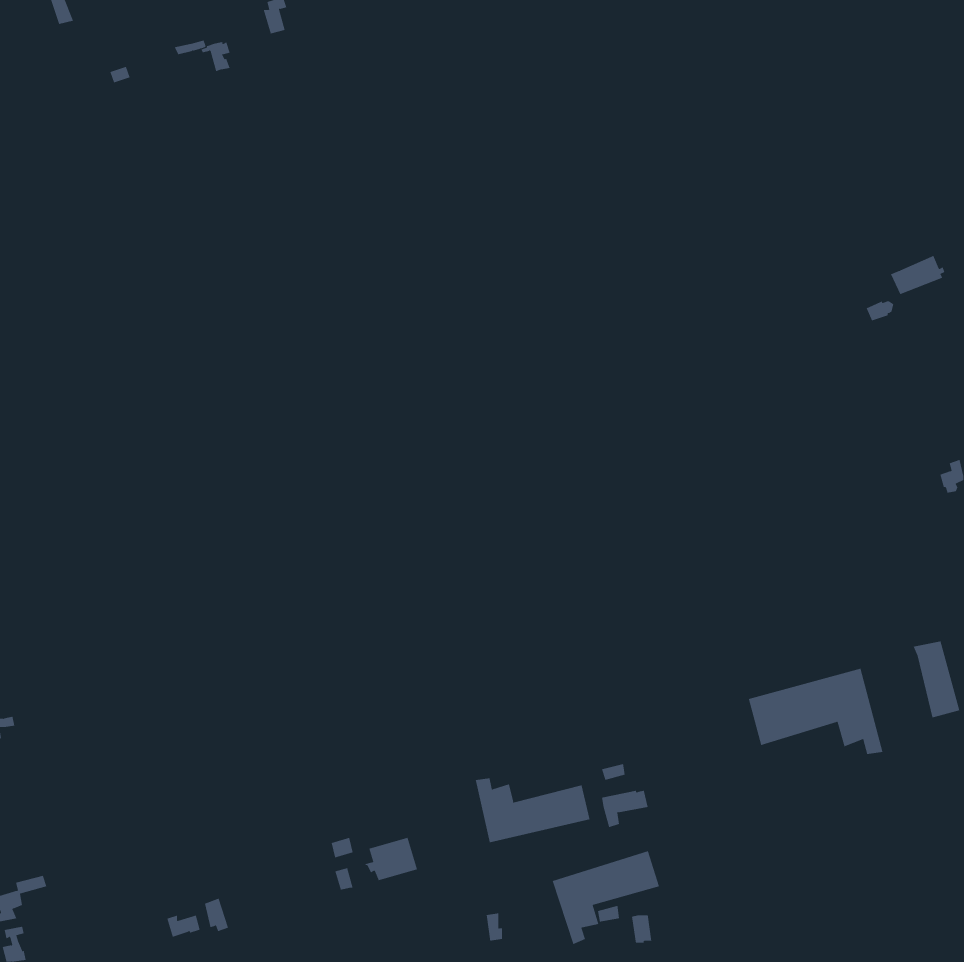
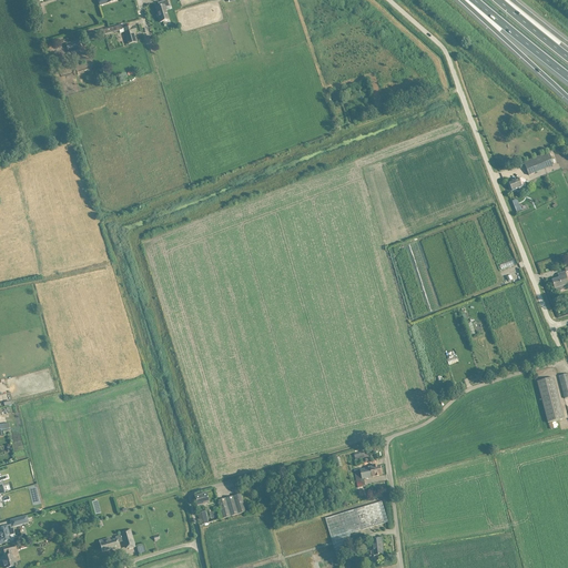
building: [748,668,883,755] -> none
building: [475,778,590,843] -> none

